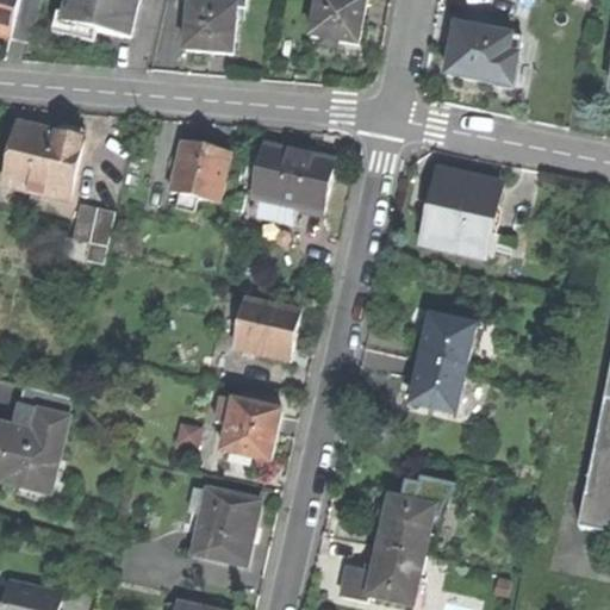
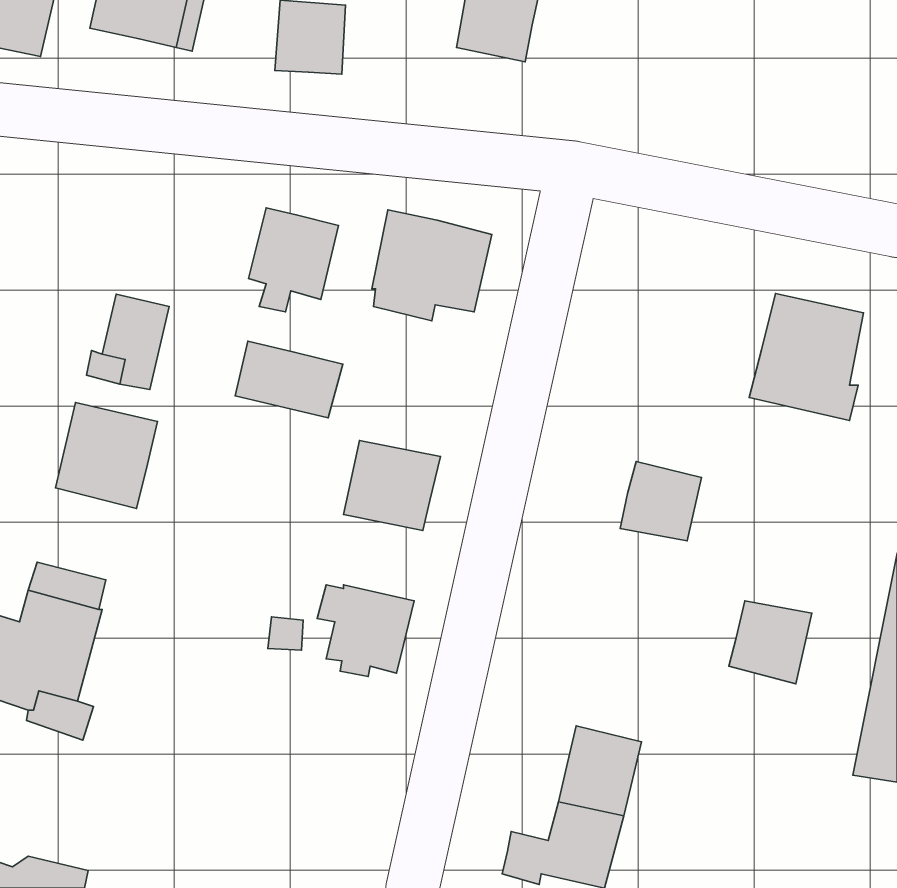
building: [446,21,516,80] -> none
building: [5,124,85,203] -> none
building: [421,170,498,256] -> [749,294,864,420]
building: none -> [235,341,343,418]
building: none -> [56,403,157,509]
building: [409,357,465,413] -> [729,601,812,684]
building: [189,485,259,561] -> none

